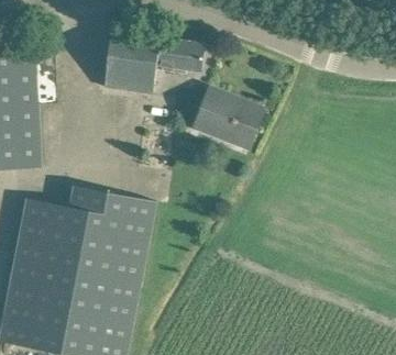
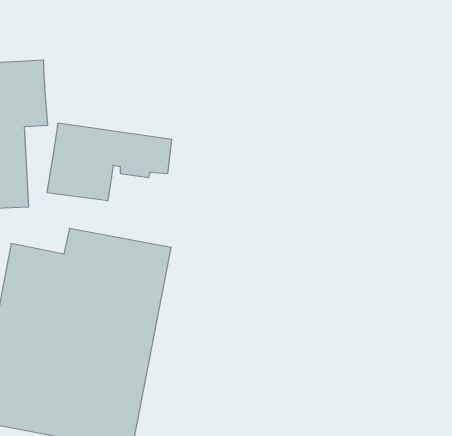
building: [101,31,202,93] -> [47,123,172,201]
building: [193,88,263,148] -> none

